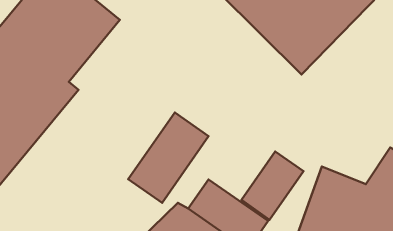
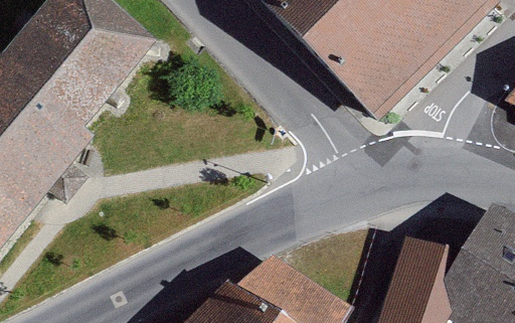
building: [128,113,209,203] -> none
building: [241,151,304,220] -> none

